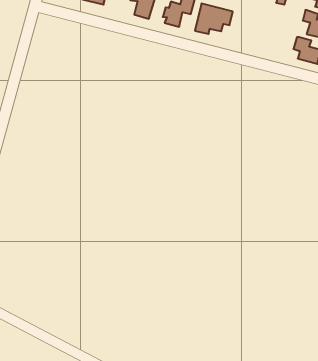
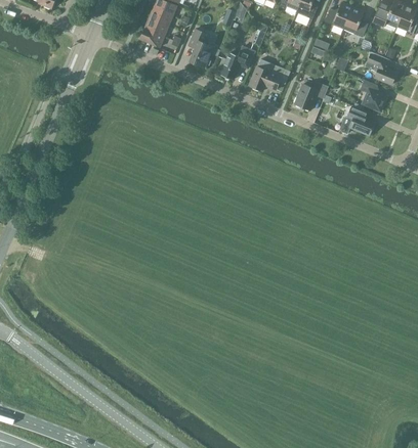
building: none -> [295,81,329,109]

